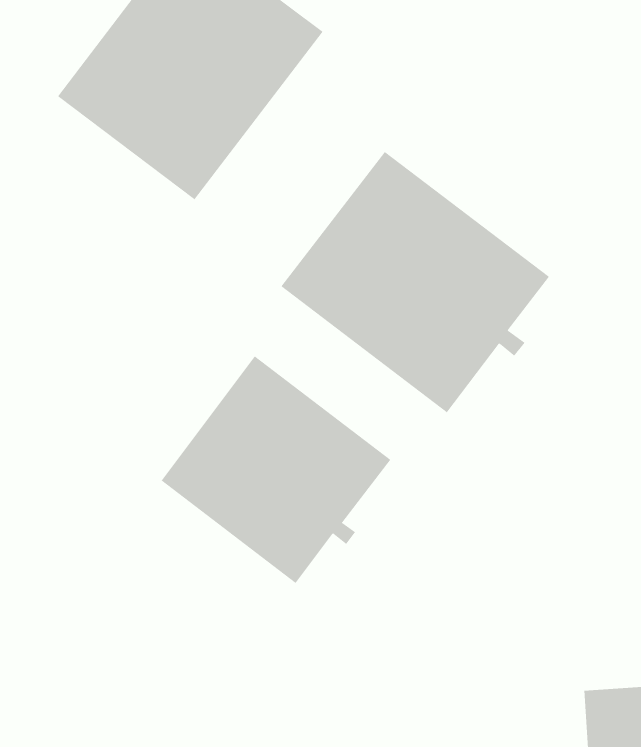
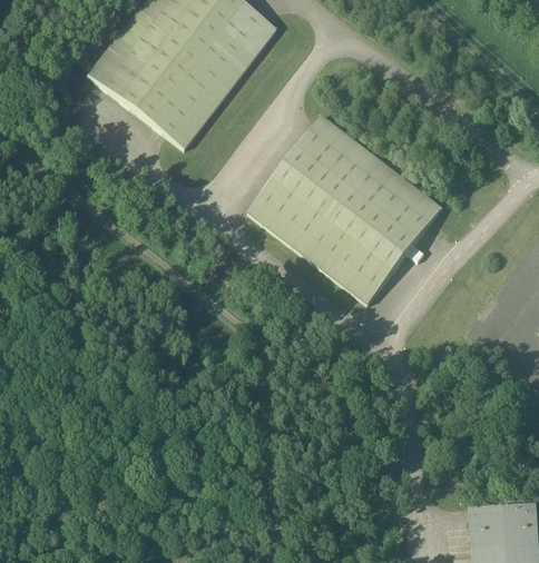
building: [161,356,391,584] -> none

